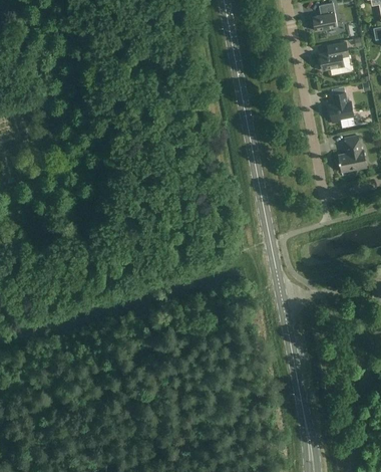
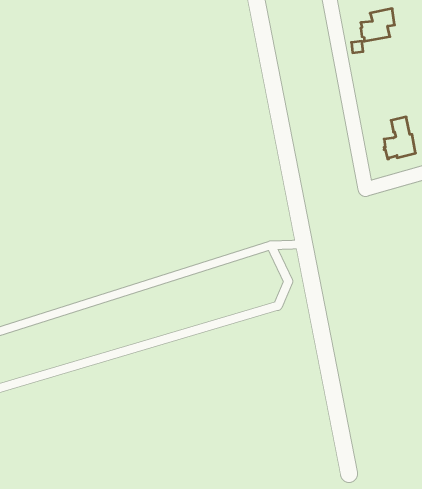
building: [328,92,354,124] -> none

